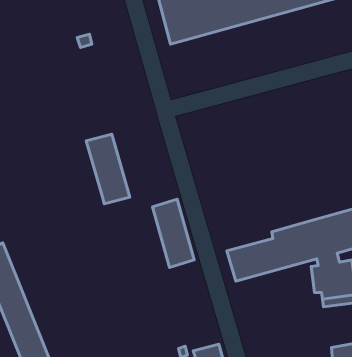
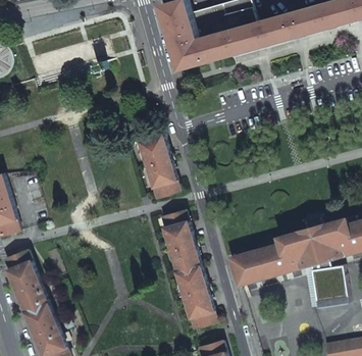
building: [86,134,130,204] -> [139,135,178,198]
building: none -> [176,265,215,328]

